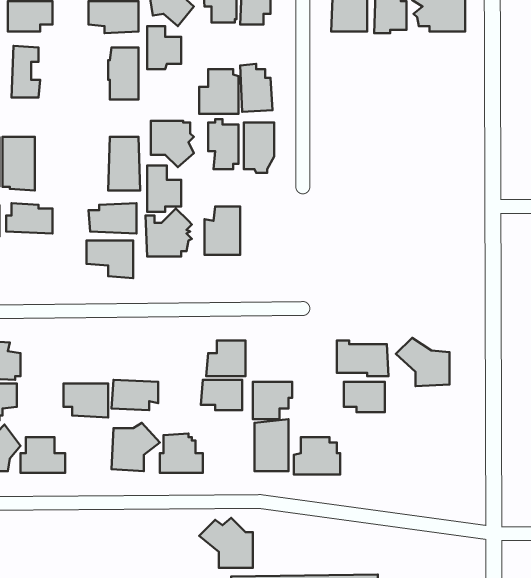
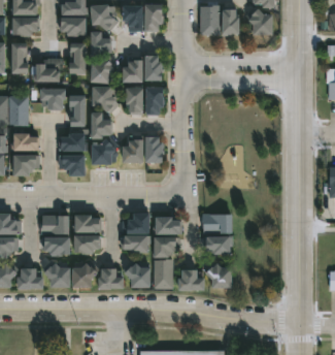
building: none -> [94,57,119,84]
building: none -> [31,58,65,83]
building: none -> [42,89,68,110]
building: none -> [147,138,165,163]
building: none -> [15,156,39,175]
building: [396,338,450,386] -> [204,261,235,289]
building: none -> [39,215,69,235]
building: none -> [74,216,100,233]
building: none -> [156,218,180,235]
building: none -> [42,260,70,289]
building: [199,518,253,568] -> [123,260,154,289]

